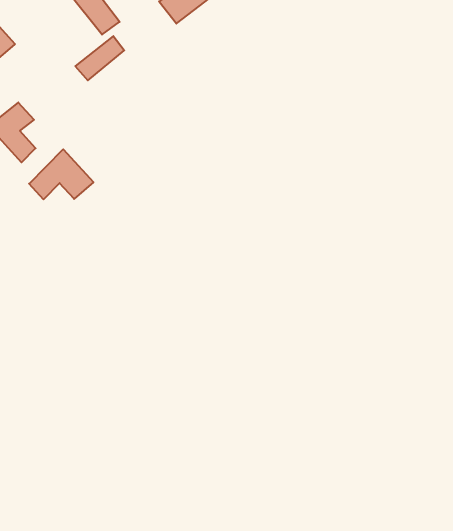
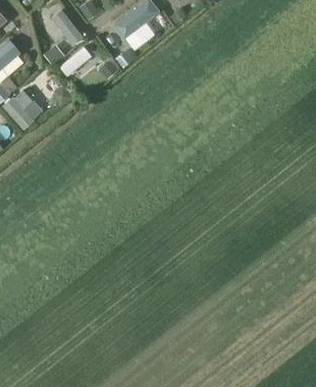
building: [29,149,93,199] -> none

